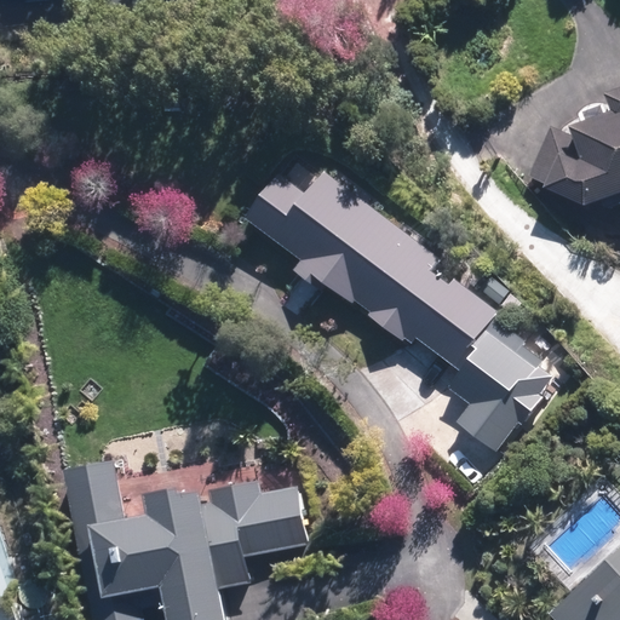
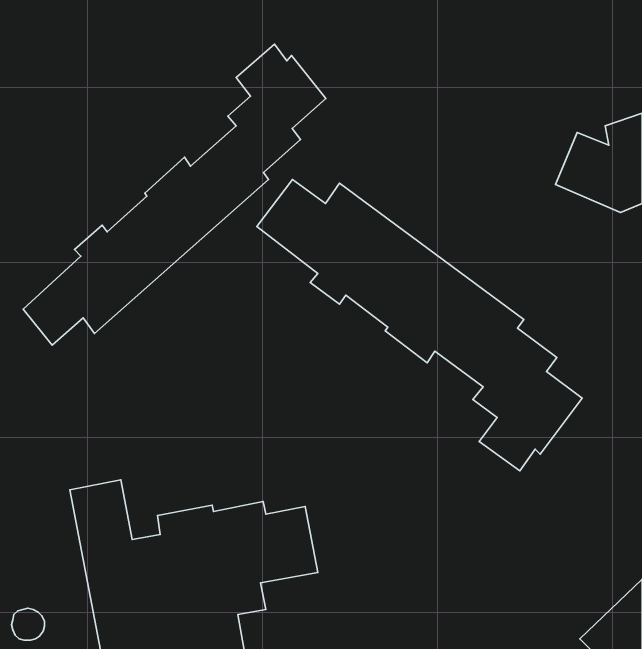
building: none -> [23,44,326,345]

